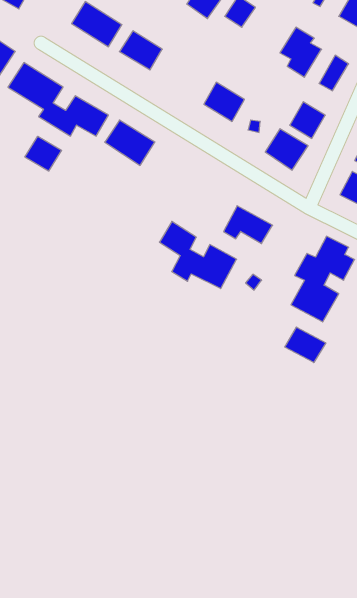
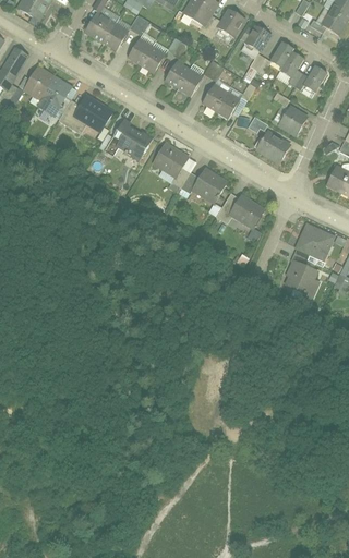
building: none -> [242,23,272,52]
building: none -> [161,61,198,95]
building: [25,136,62,171] -> none
building: [159,221,237,289] -> [158,144,227,204]
building: [285,327,326,363] -> none

